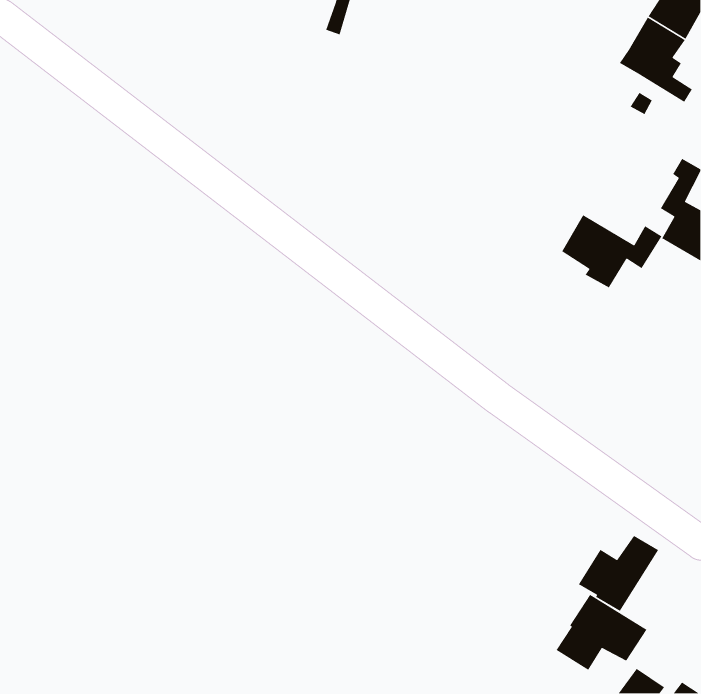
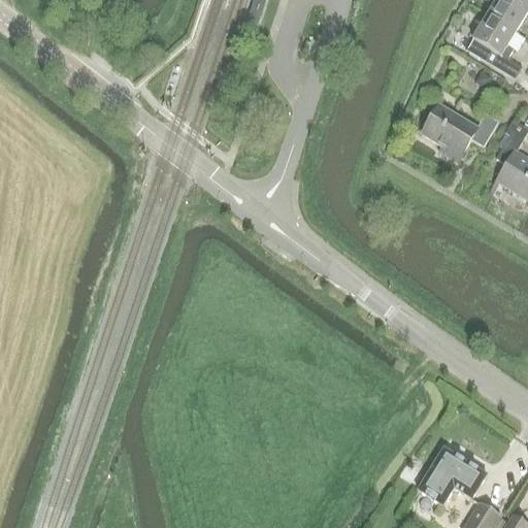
building: [561,214,663,288] -> [422,104,498,160]
building: [578,535,659,612] -> none

